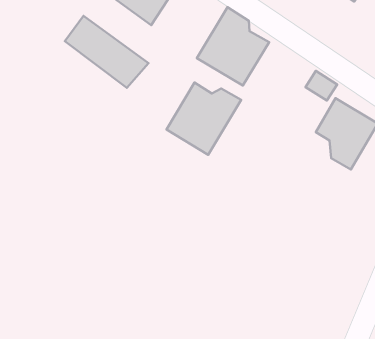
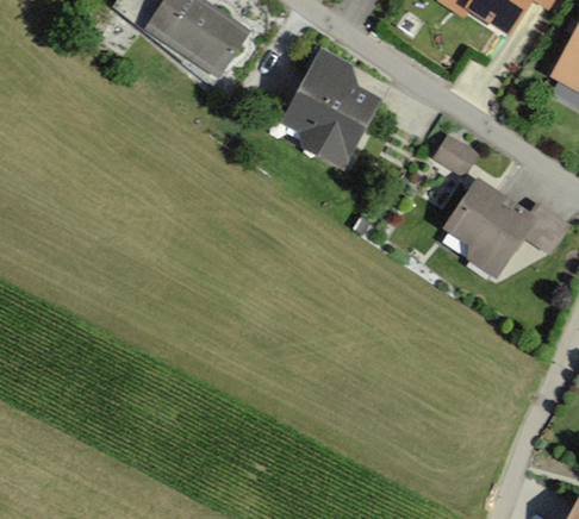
building: [65,16,149,88] -> none
building: [167,82,241,155] -> none

